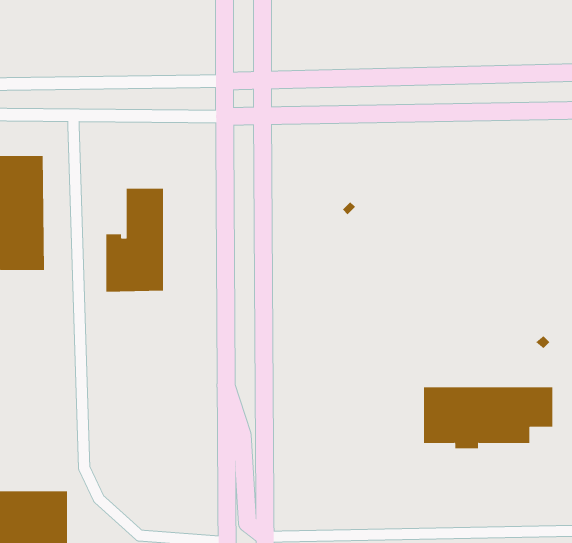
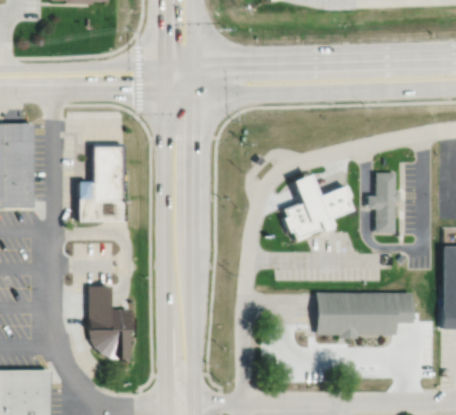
building: none -> [281,172,351,242]
building: none -> [367,173,399,233]
building: none -> [88,285,130,360]

